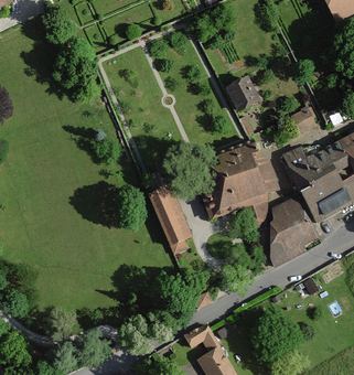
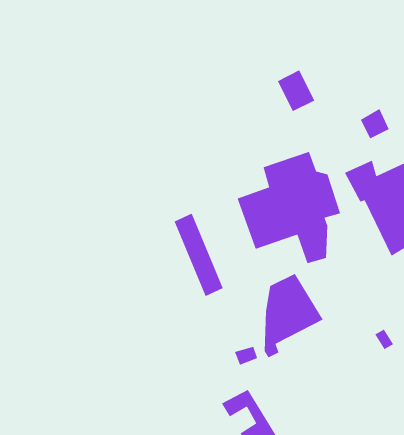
building: [271,199,318,265] -> [264,273,324,359]

